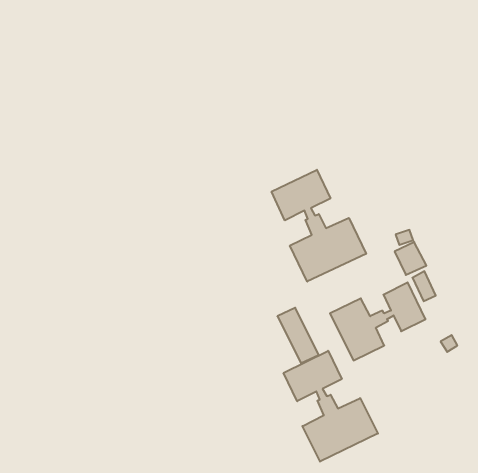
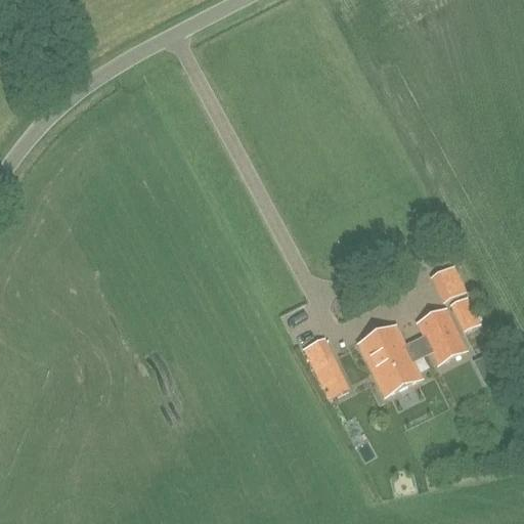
building: [272,170,366,282] -> none
building: [284,351,378,462] -> none

